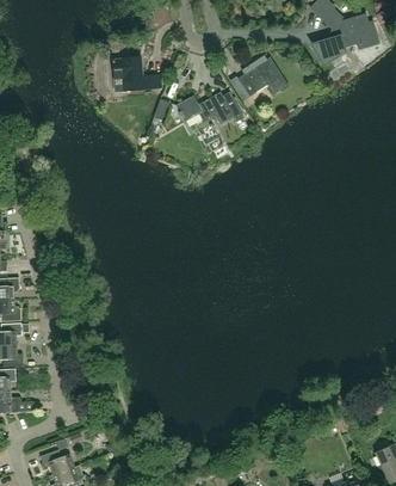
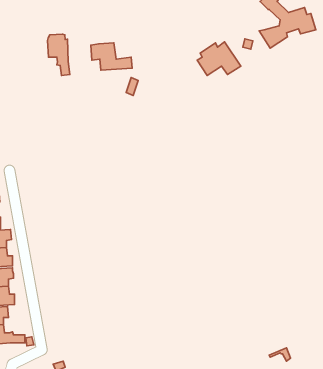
building: none -> [47,34,70,75]
building: [177,92,243,125] -> none

